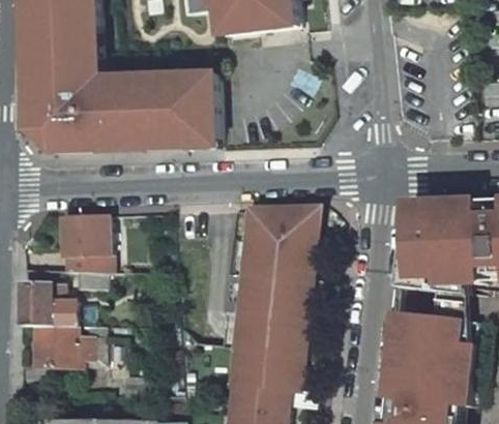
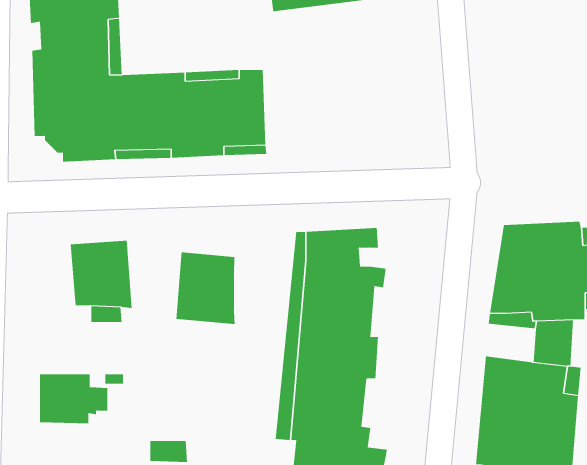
building: none -> [176,251,235,325]
building: [22,280,76,324] -> none

